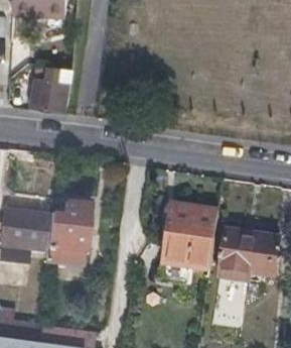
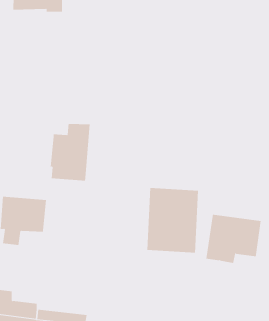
building: [33,78,70,112] -> none
building: [47,201,91,262] -> [50,123,91,181]

